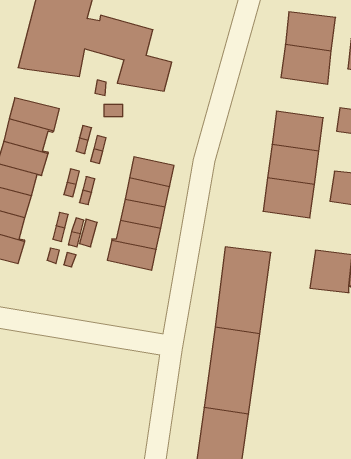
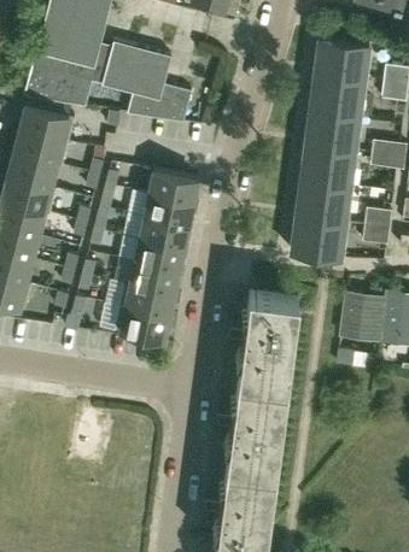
building: none -> [21,104,75,141]
building: none -> [304,107,360,151]
building: none -> [150,170,198,202]
building: none -> [115,305,169,339]

